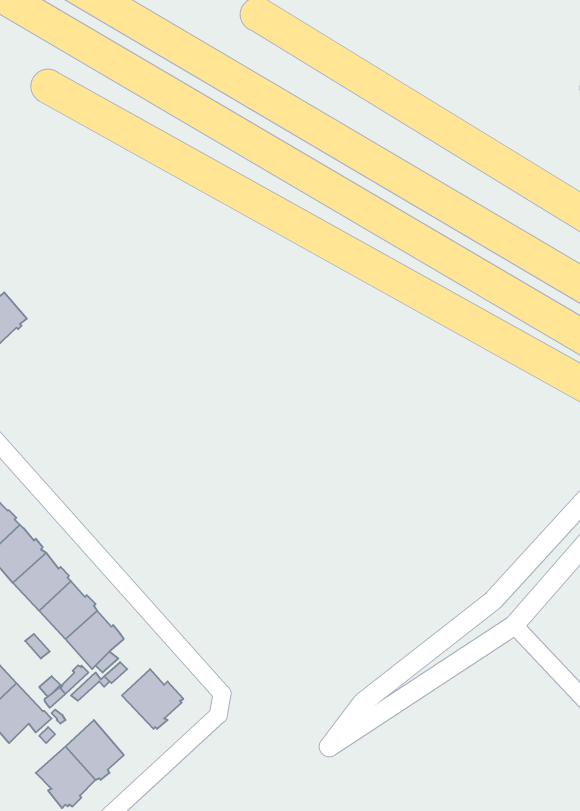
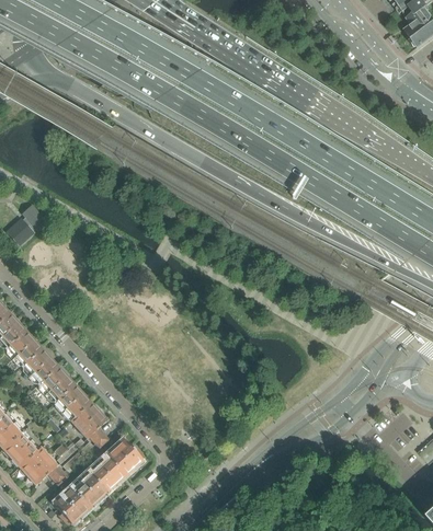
building: none -> [88,453,125,490]

